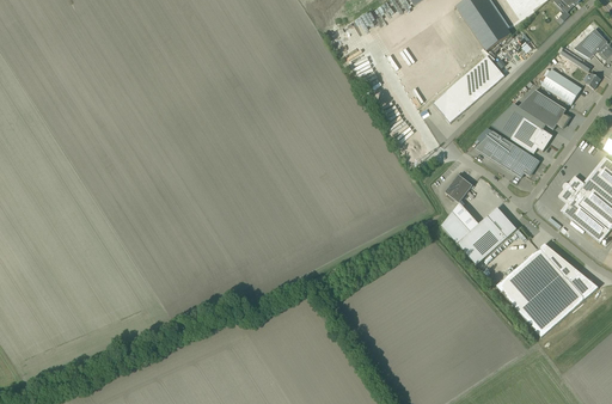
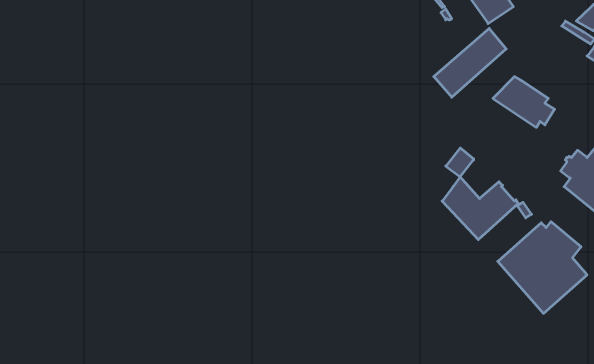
building: [541,68,582,104] -> none
building: [519,90,569,129] -> none
building: [476,131,539,177] -> none

